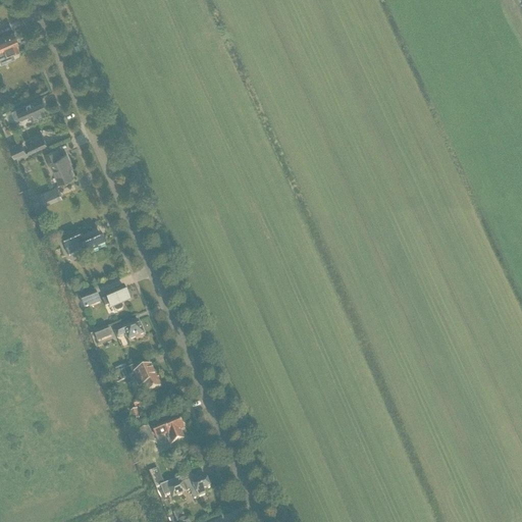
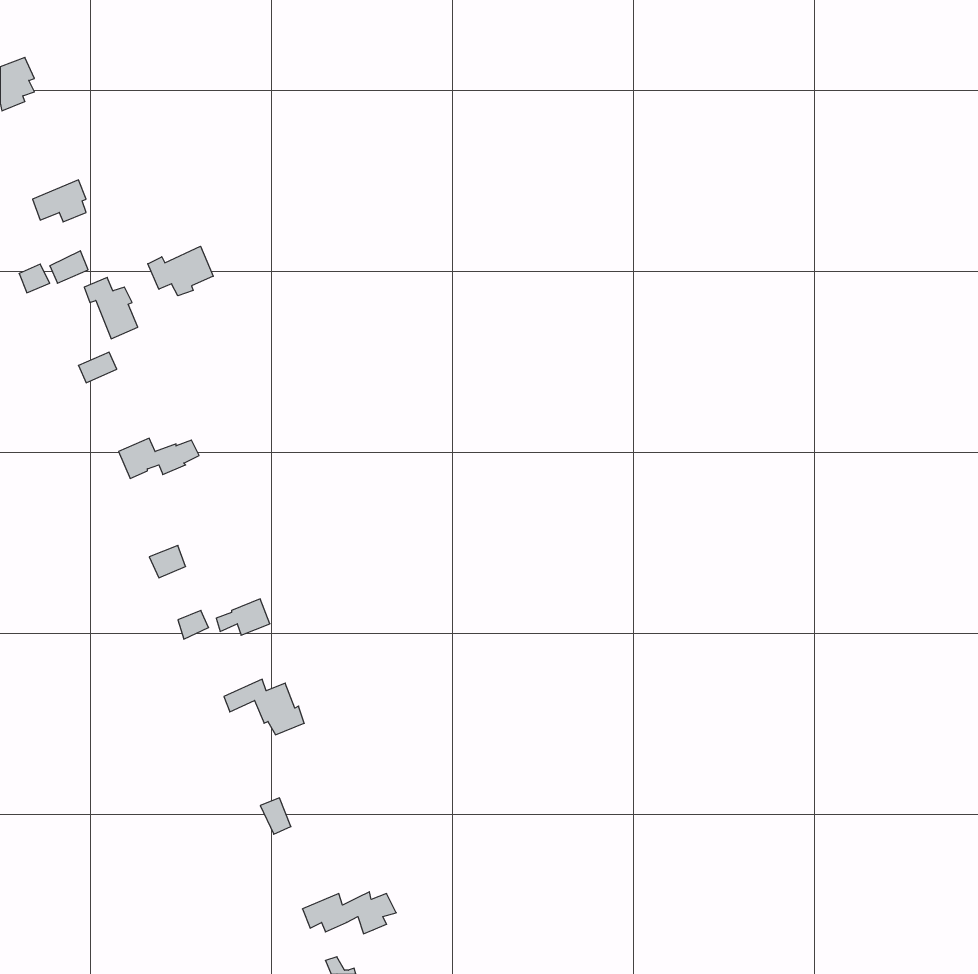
building: none -> [148,246,213,296]
building: [101,285,129,310] -> none
building: [153,416,185,442] -> none

